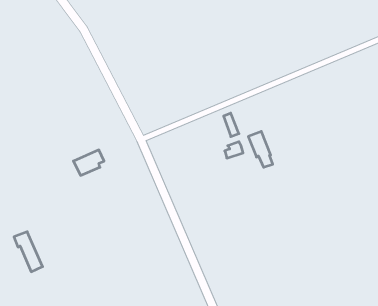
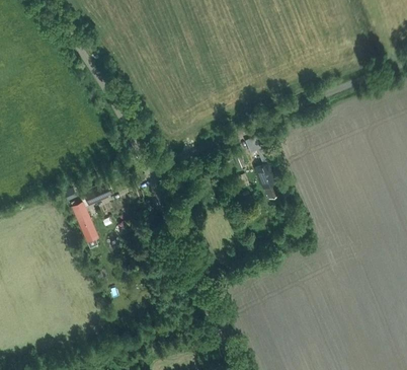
building: [14,232,43,272] -> [70,204,98,243]

